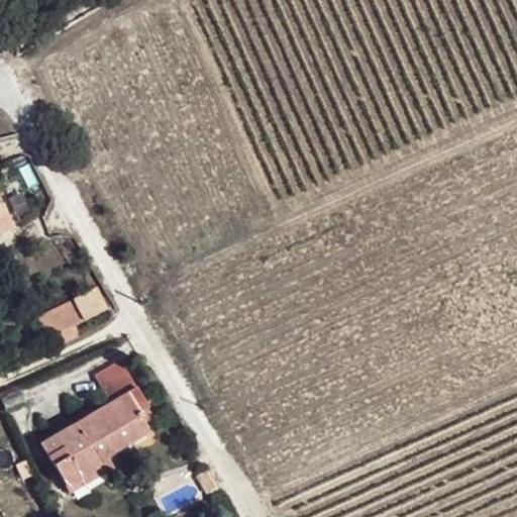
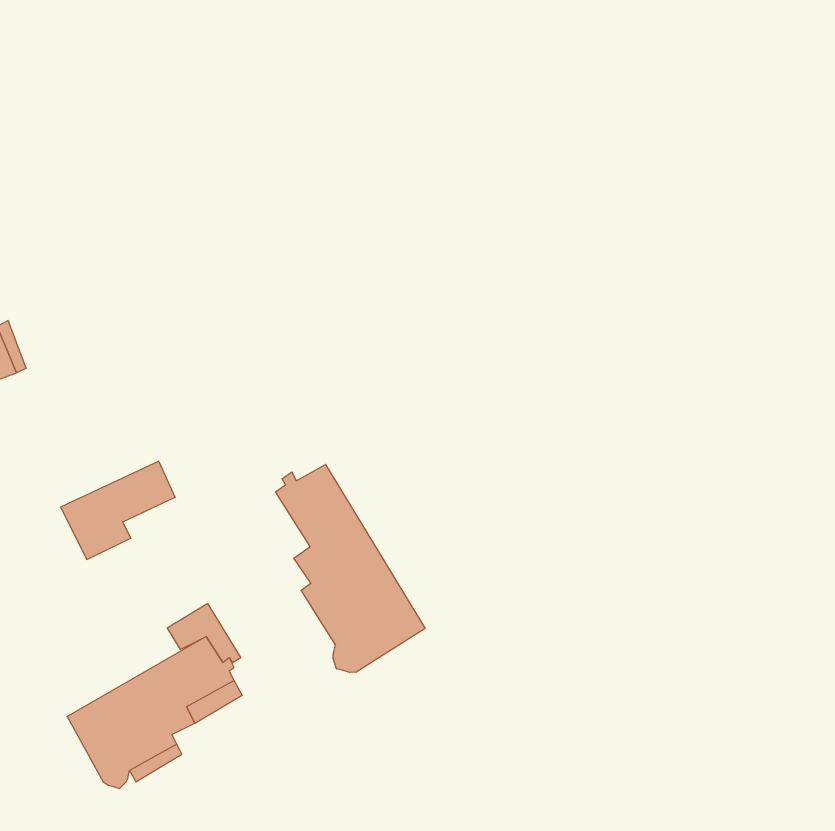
building: none -> [276,464,425,673]

